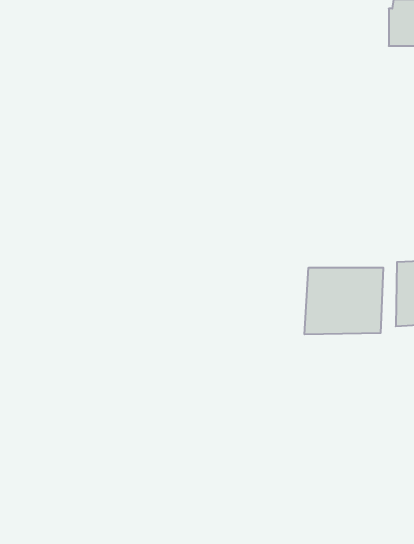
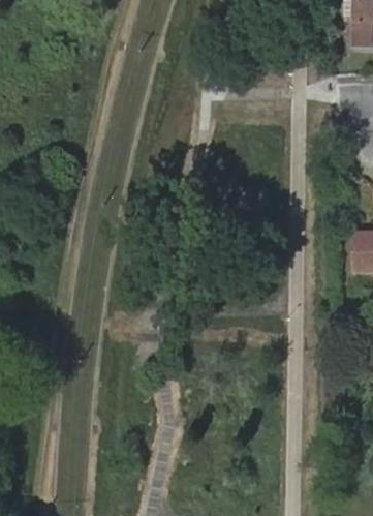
building: [305,268,383,334] -> none

